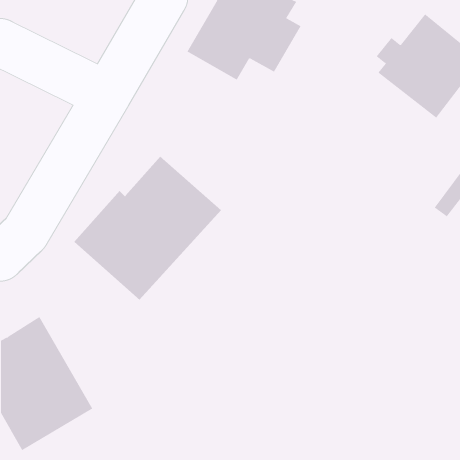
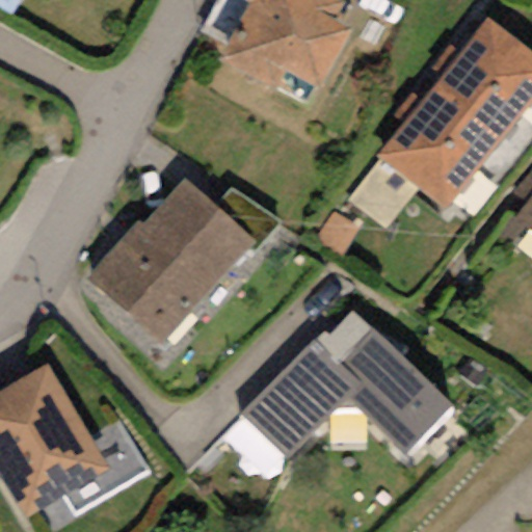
building: none -> [377,83,504,211]
building: none -> [244,309,455,455]

